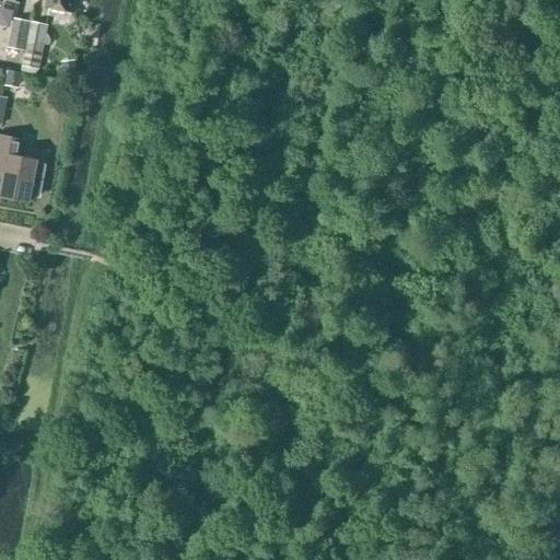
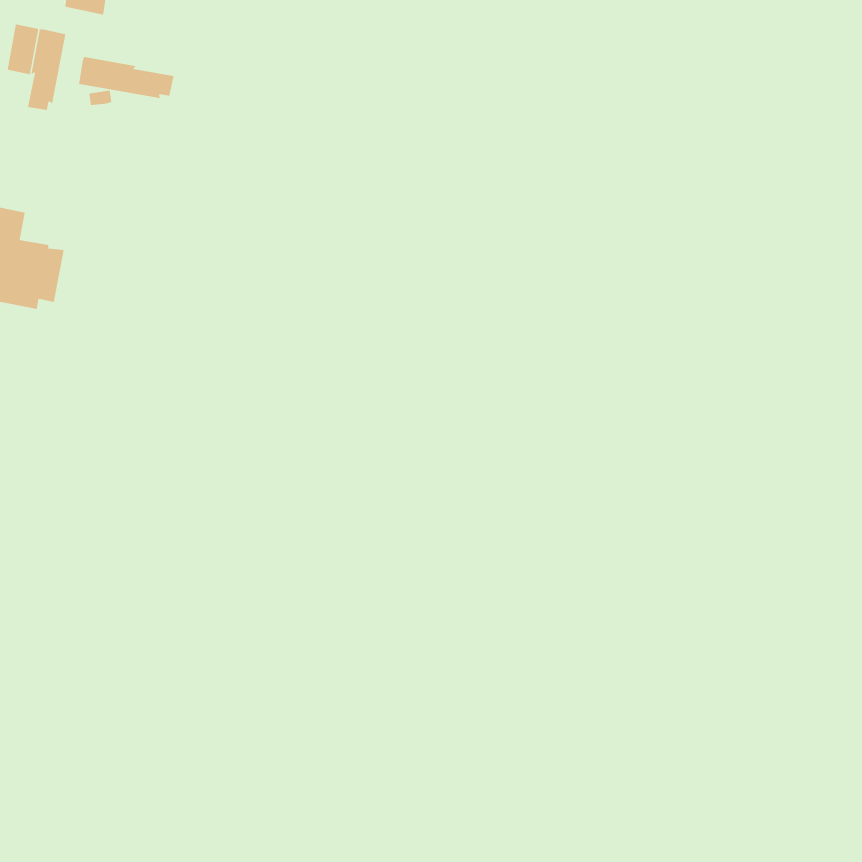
building: none -> [79,56,174,99]

